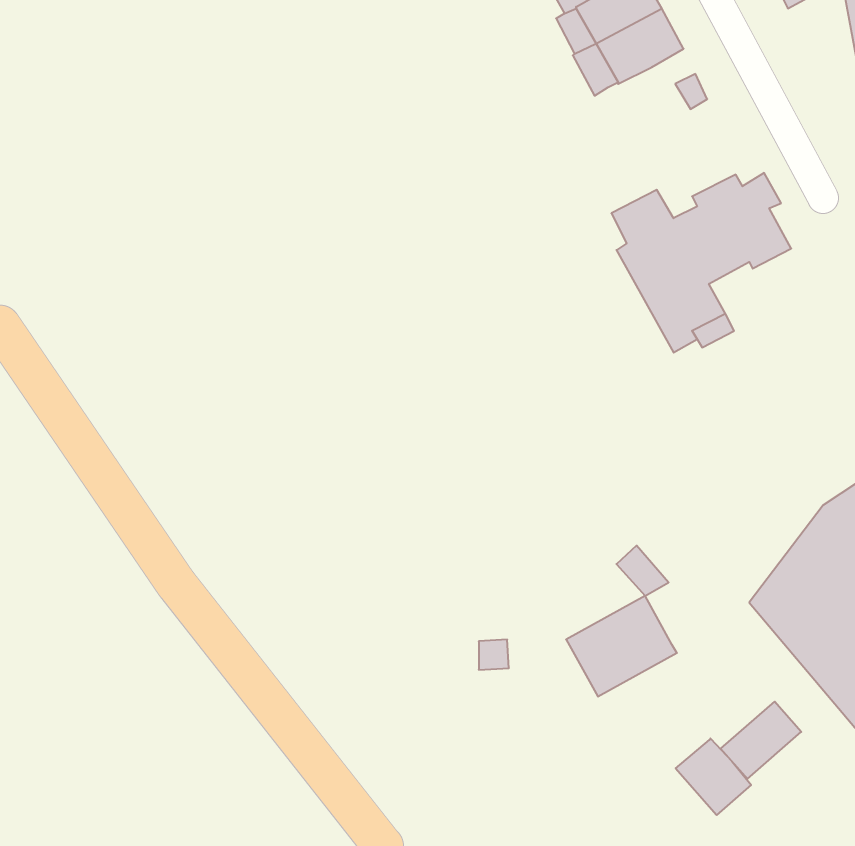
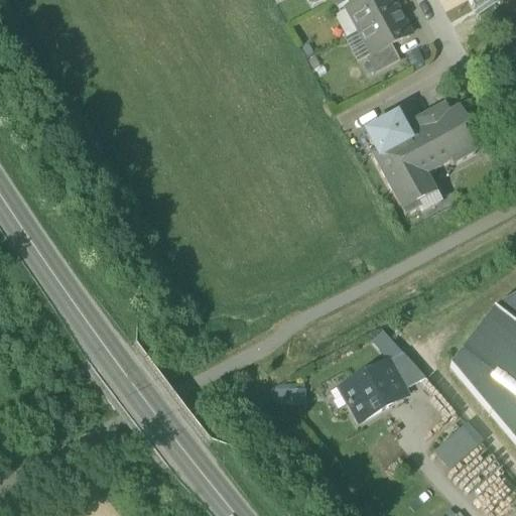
building: none -> [367,40,401,70]
building: none -> [389,350,426,387]
building: [676,738,751,815] -> none

